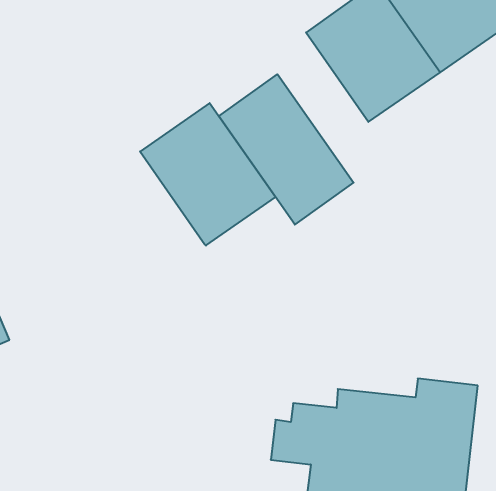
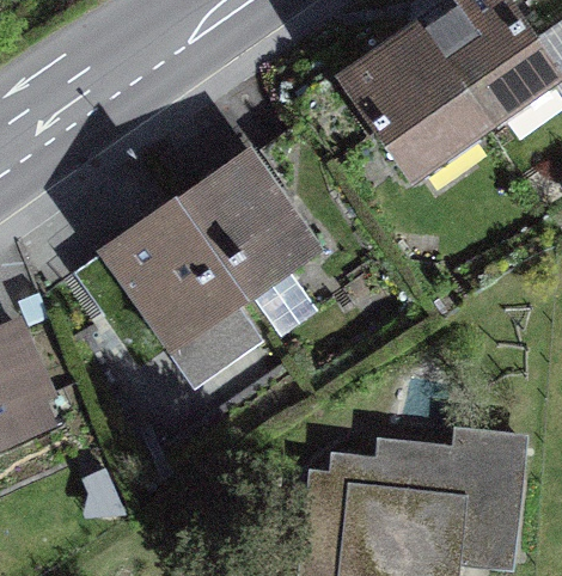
building: [219,74,354,225] -> none
building: none -> [75,200,263,379]

